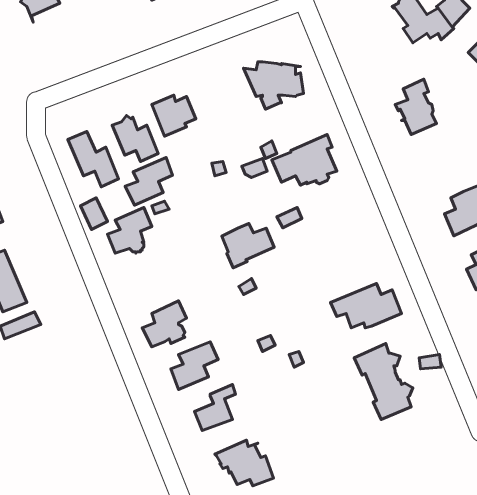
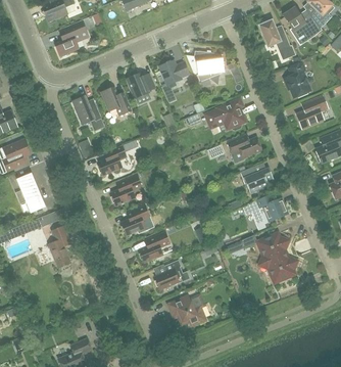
building: none -> [259,18,295,57]
building: none -> [54,24,89,56]
building: none -> [159,59,189,84]
building: none -> [296,95,328,127]
building: [125,158,173,205] -> [110,174,141,204]
building: [222,223,274,268] -> [228,134,261,163]
building: none -> [240,165,274,192]
building: none -> [49,226,70,267]

